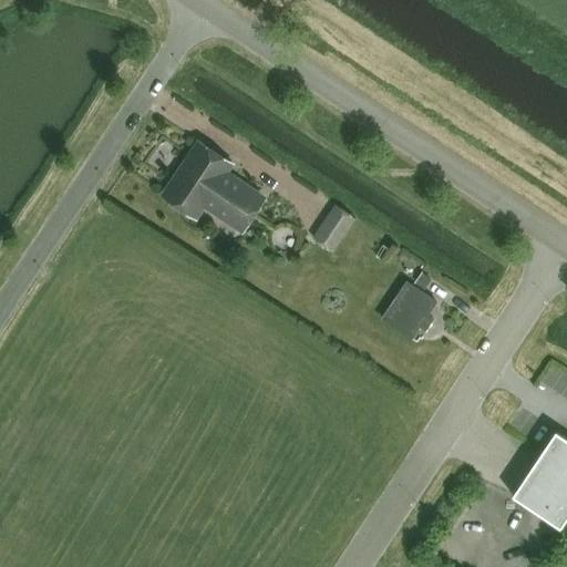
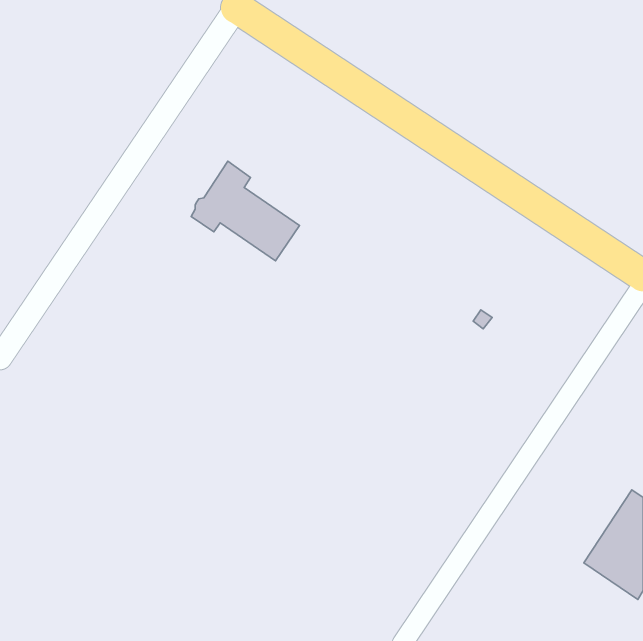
building: [312,205,357,252] -> none
building: [383,284,437,340] -> none

